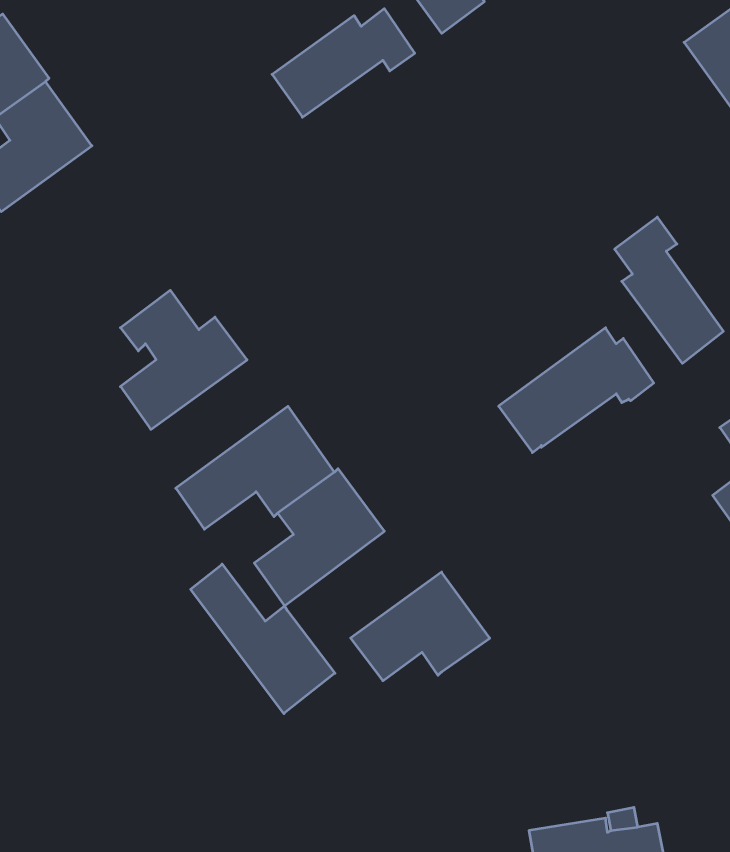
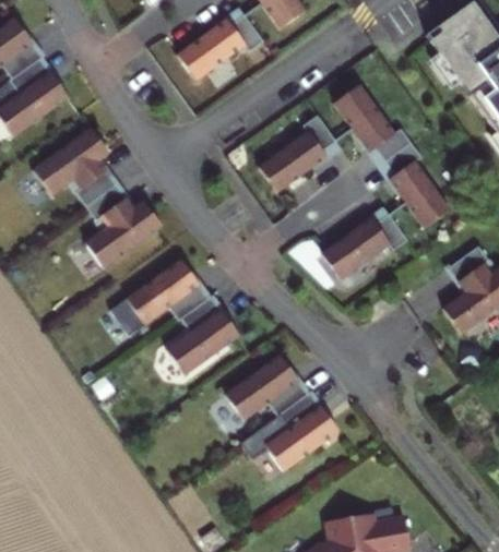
building: none -> [333,84,411,160]
building: none -> [252,118,331,197]
building: none -> [28,129,112,208]
building: [191,564,335,714] -> none
building: none -> [264,396,338,476]

